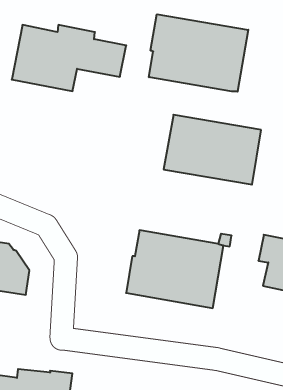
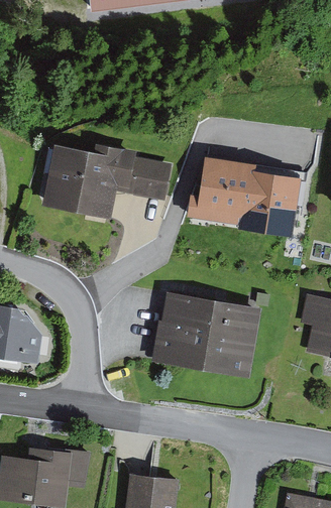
building: [149,14,248,92] -> none
building: [12,25,126,91] -> [42,142,172,217]

